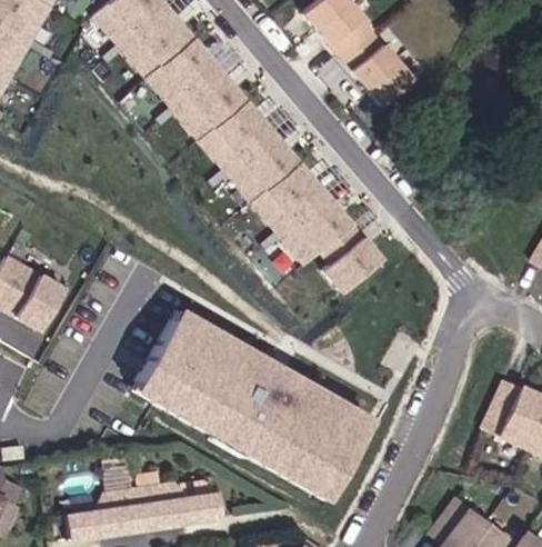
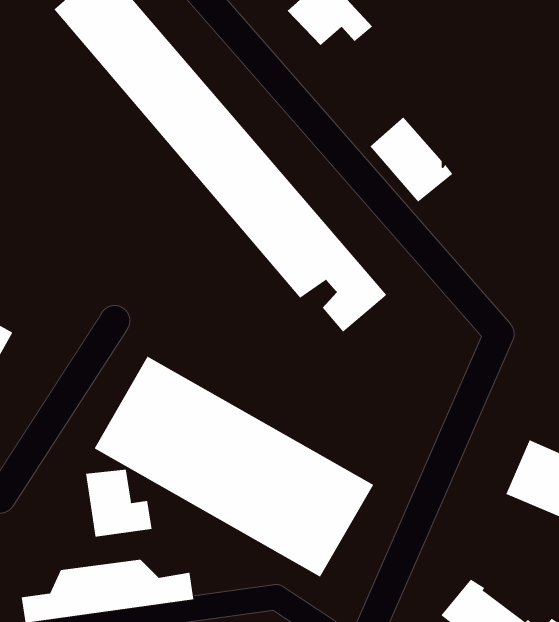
building: [343,33,414,107] -> [370,117,453,203]
building: none -> [86,469,152,537]

